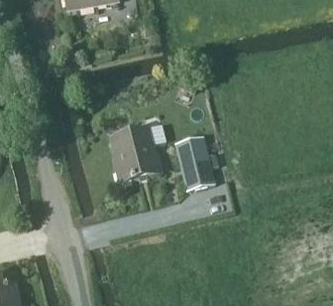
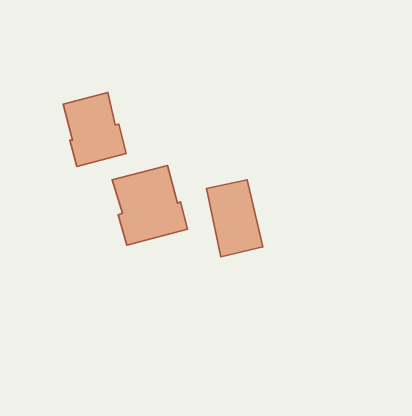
building: none -> [63,92,126,166]

